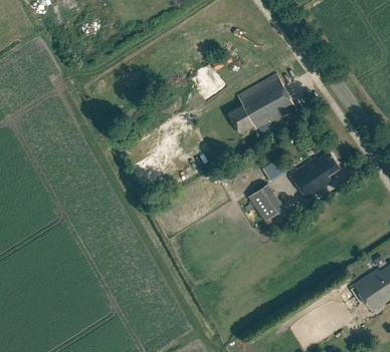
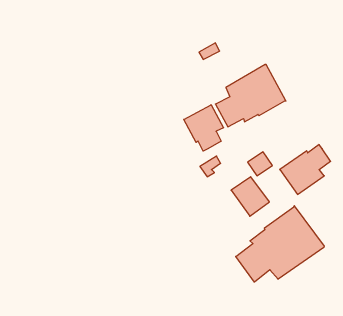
building: none -> [184,105,224,151]
building: none -> [236,206,324,282]

